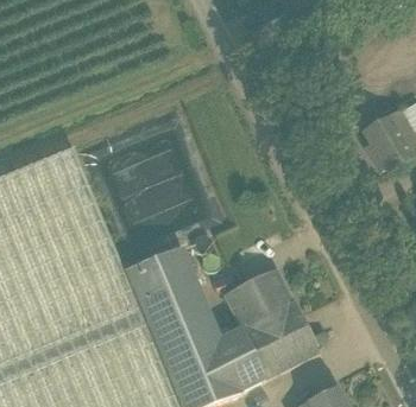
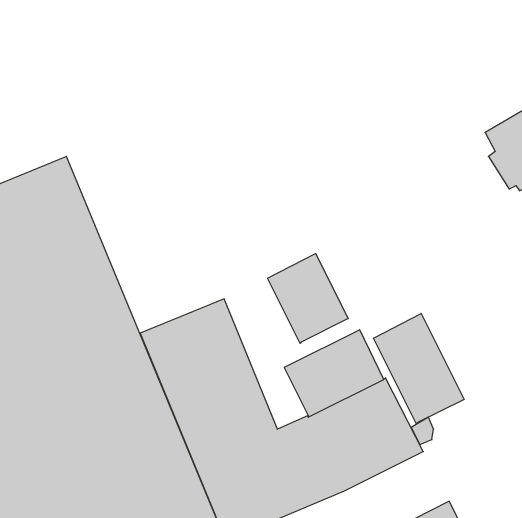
building: none -> [268,254,348,343]
building: none -> [374,313,464,424]

